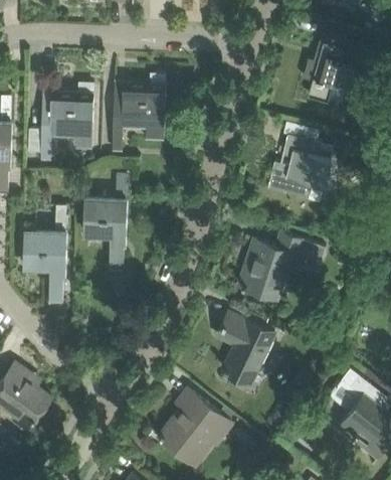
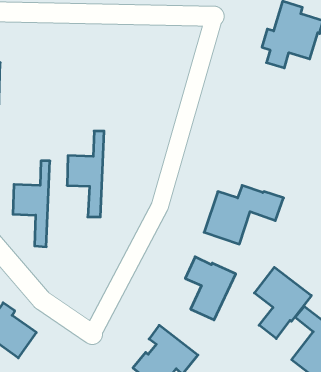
building: [113,76,166,152] -> none
building: [27,86,94,162] -> none
building: [267,136,334,202] -> none
building: none -> [254,267,311,339]

